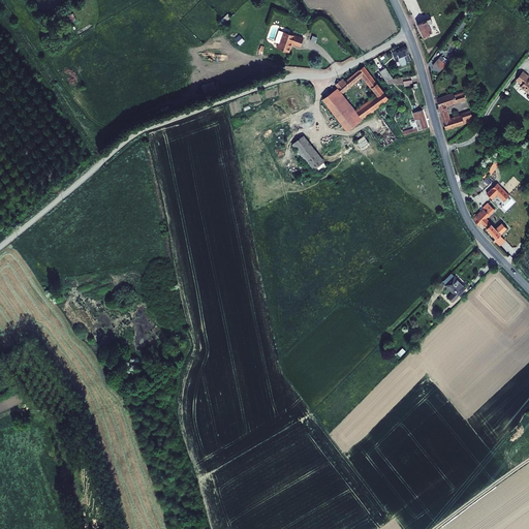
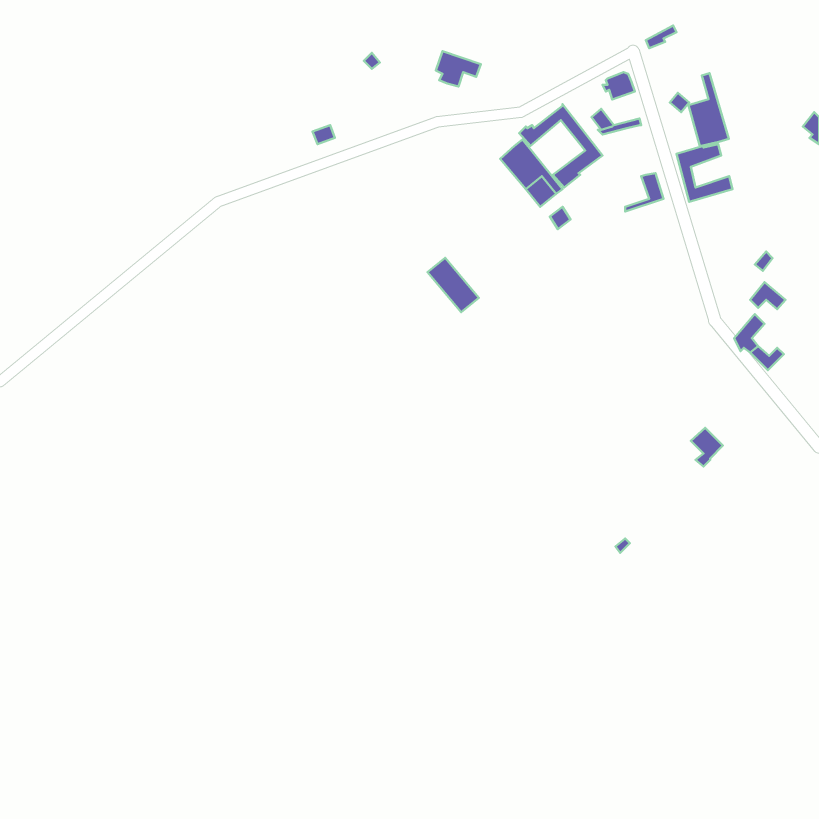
building: none -> [689,73,729,146]
building: [290,133,323,168] -> [427,258,479,312]

